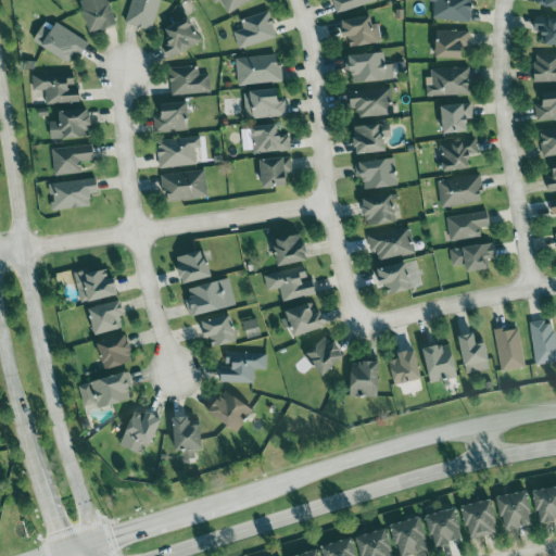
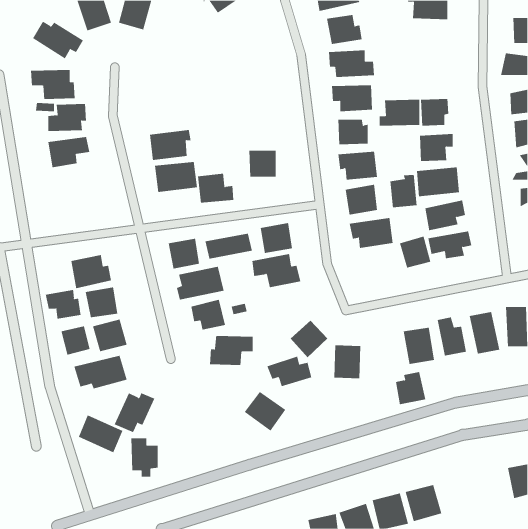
building: [232,10,277,49] -> none
building: [161,16,201,59] -> none
building: [434,30,469,58] -> none
building: [235,53,281,86] -> none
building: [169,66,211,94] -> none
building: [425,67,468,96] -> [379,99,420,126]
building: [243,89,286,118] -> none
building: [153,101,188,131] -> none
building: [250,123,289,154] -> [197,173,234,203]
building: [48,178,97,211] -> none
building: none -> [390,174,417,208]
building: none -> [205,233,252,259]
building: [378,262,412,295] -> [399,236,431,268]
building: none -> [45,289,81,320]
building: [278,304,326,337] -> [267,356,312,387]
building: none -> [61,326,90,356]
building: [389,350,421,384] -> [395,372,426,405]
building: [208,390,253,432] -> [244,391,286,432]
building: [173,417,202,458] -> [131,438,159,477]
building: none -> [78,415,123,453]
building: [496,490,534,531] -> none
building: [462,500,497,539] -> none

